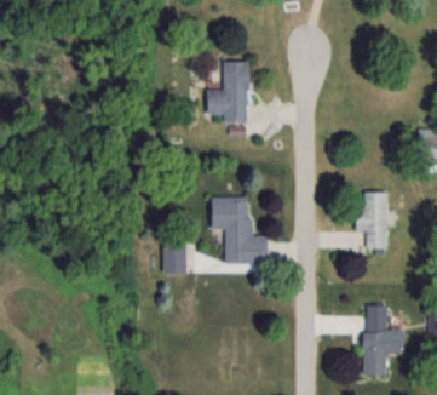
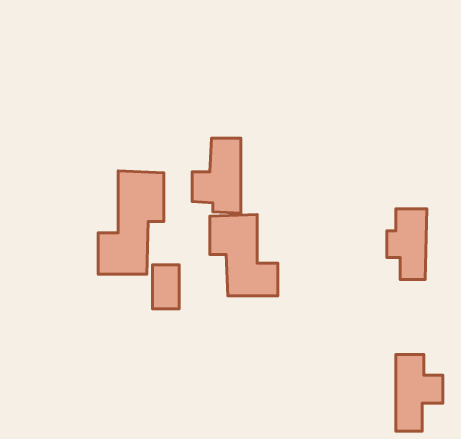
building: [208,62,248,124] -> [192,138,241,213]
building: none -> [98,171,164,274]

